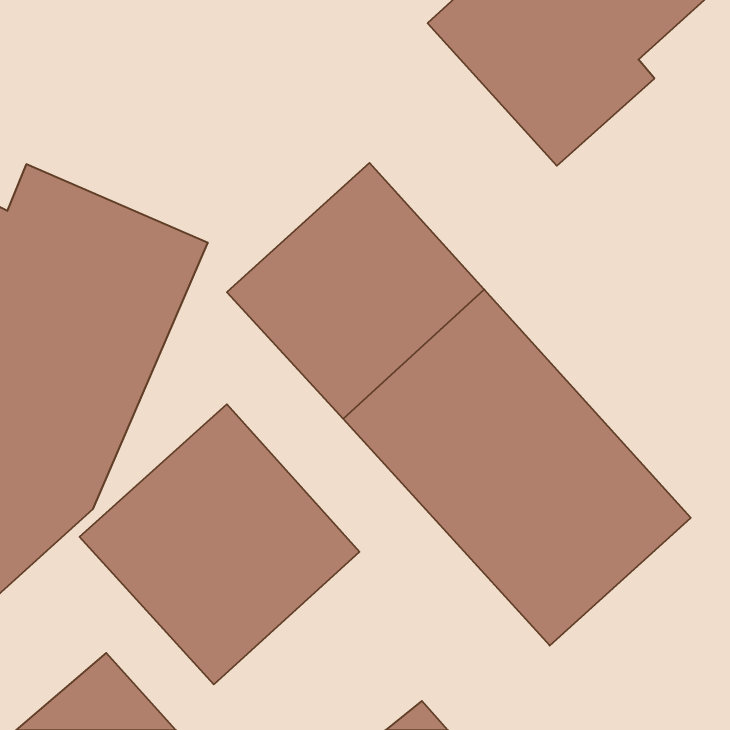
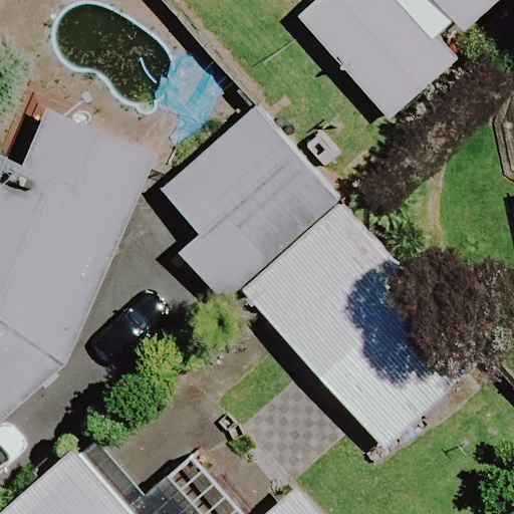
building: [80,404,359,684] -> none

